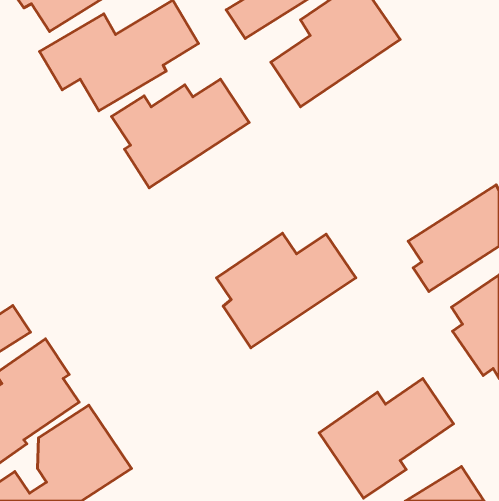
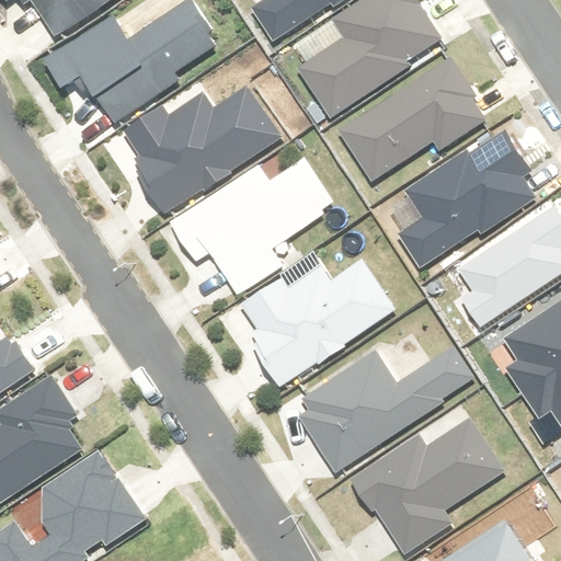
building: none -> [340,59,485,180]
building: none -> [400,129,537,262]
building: none -> [170,157,333,293]
building: none -> [296,347,472,471]

